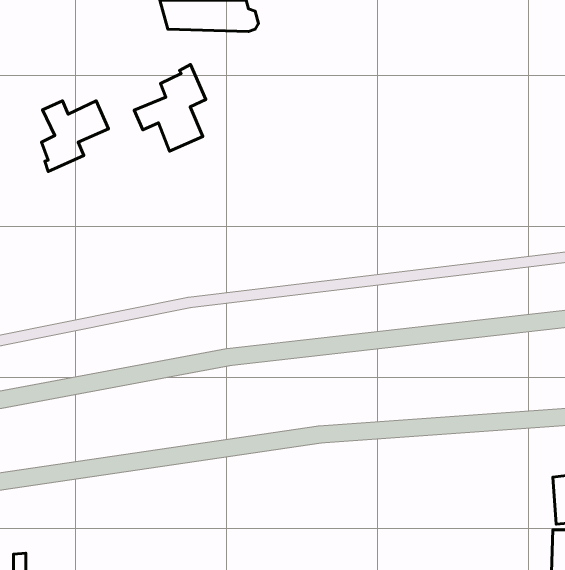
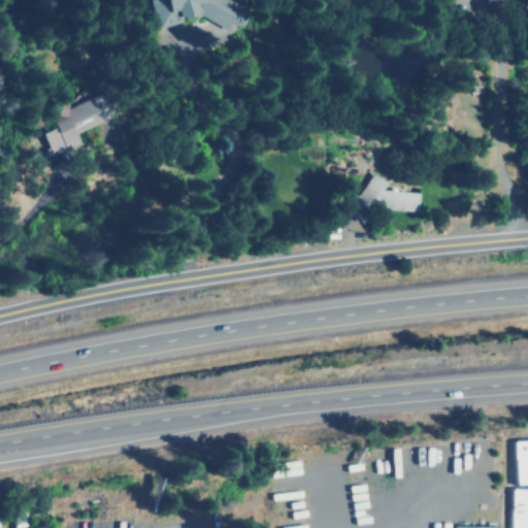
building: [134,64,206,151] -> none
building: none -> [364,177,418,209]

